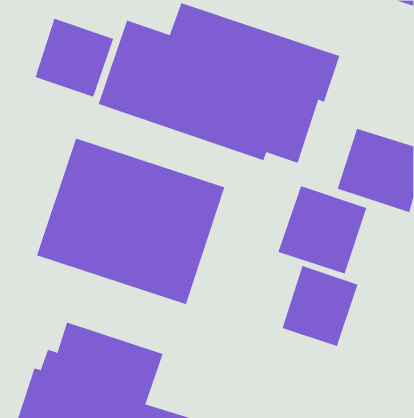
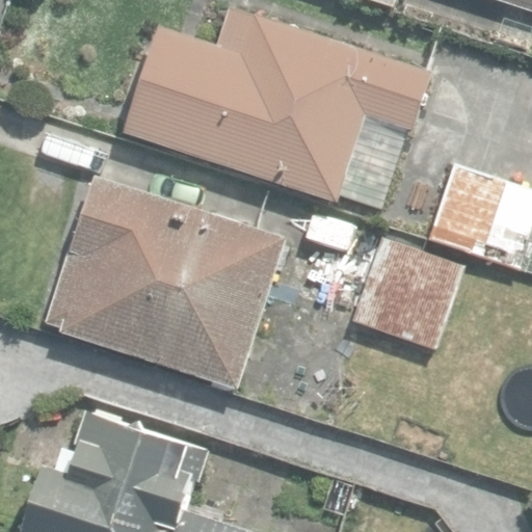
building: [35,18,114,98] -> none
building: [282,265,358,347] -> none

